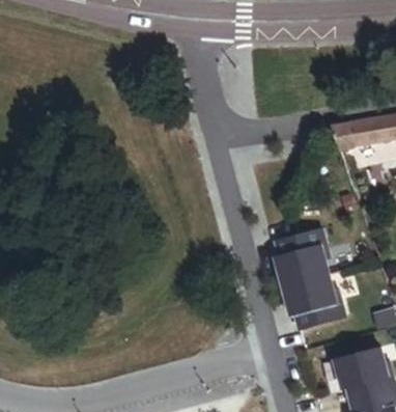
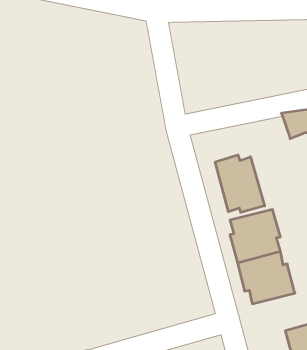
building: none -> [215,155,265,212]

